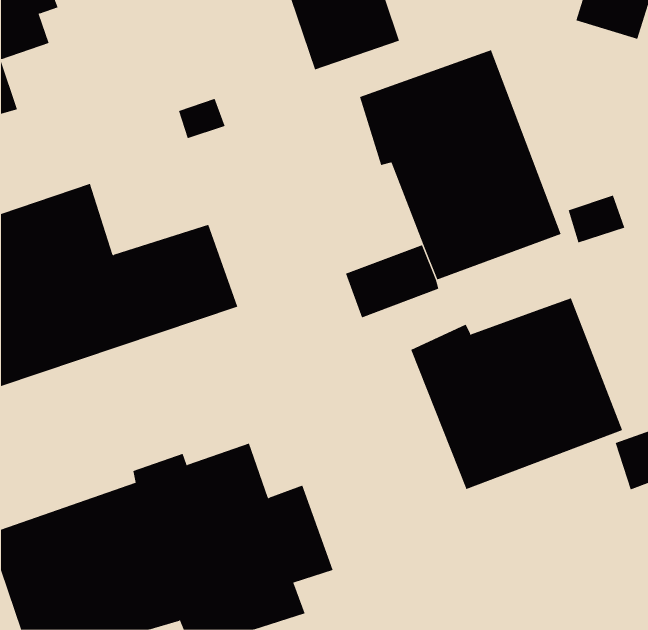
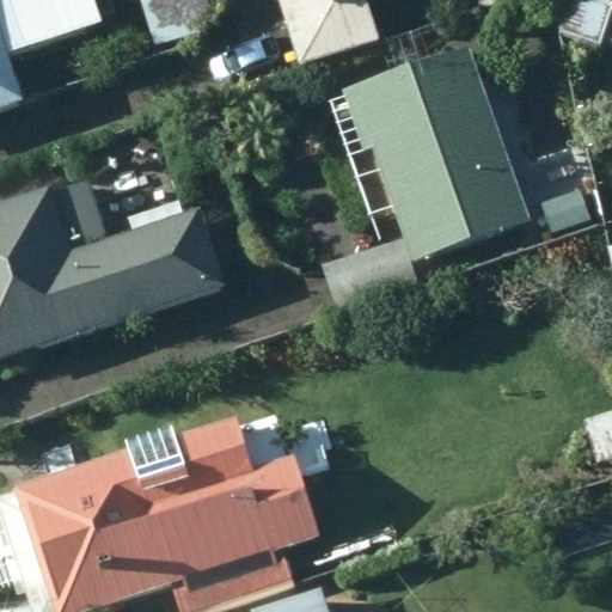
building: [410,297,623,490] -> none

